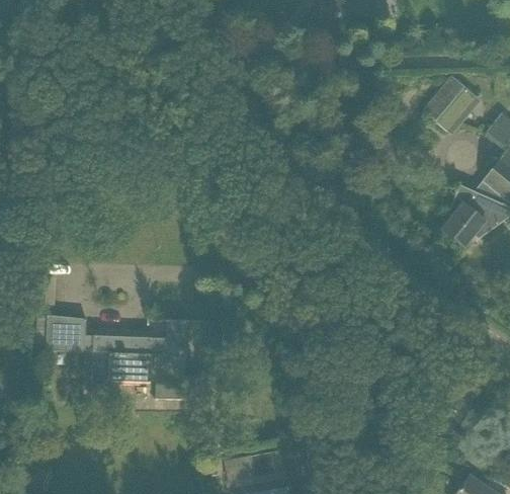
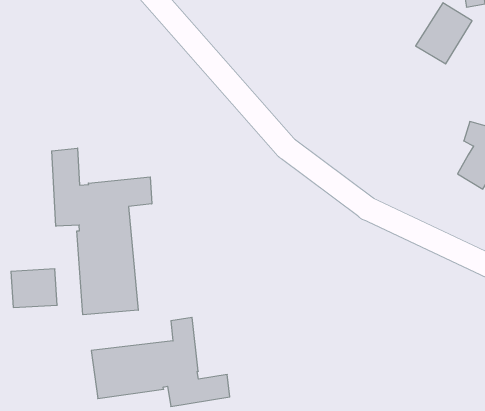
building: none -> [52,148,152,315]
building: [44,314,86,350] -> [11,269,57,307]

